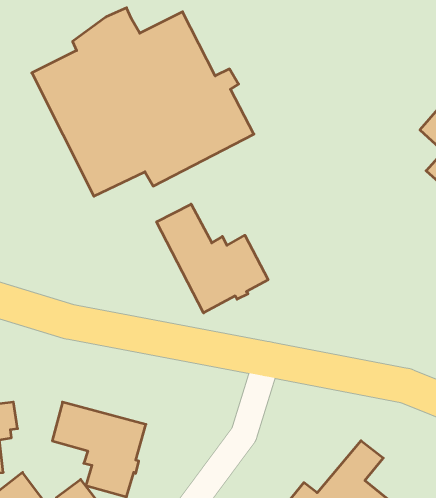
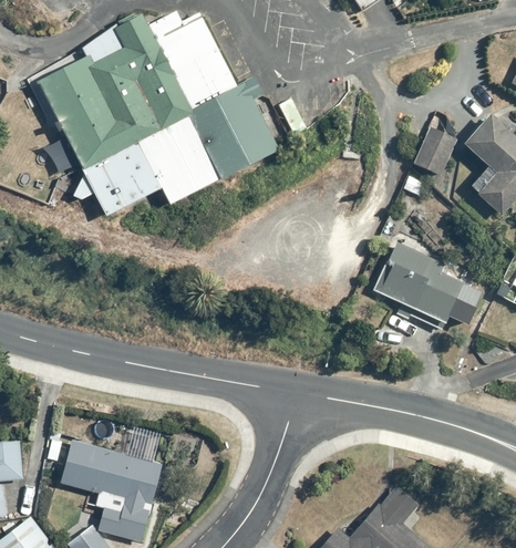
building: none -> [411,130,453,175]
building: [157,204,268,313] -> none
building: none -> [372,242,463,325]

